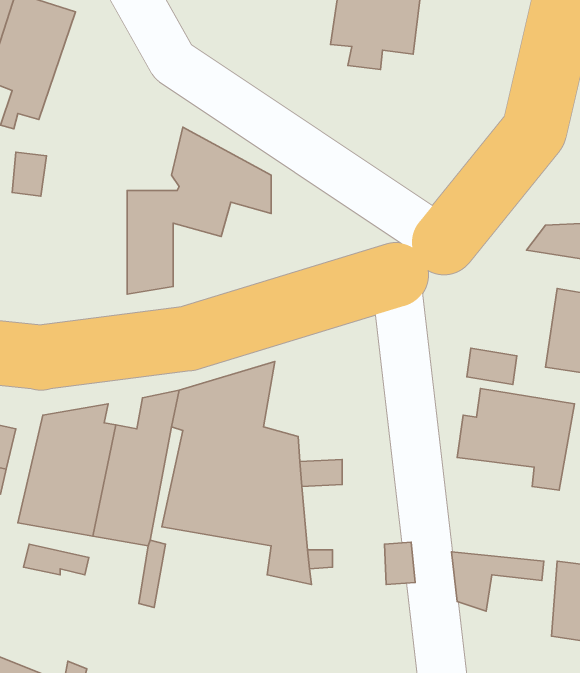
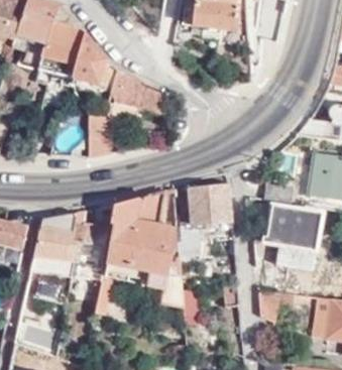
building: none -> [39,7,106,84]
building: none -> [184,182,231,225]

